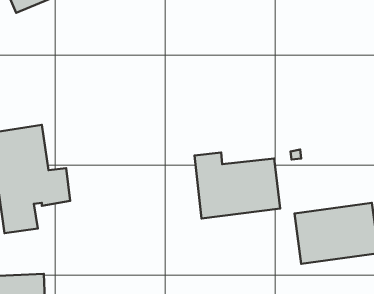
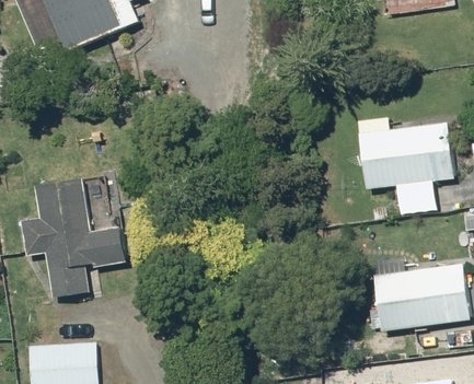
building: [195,152,280,218] -> [359,117,454,190]

